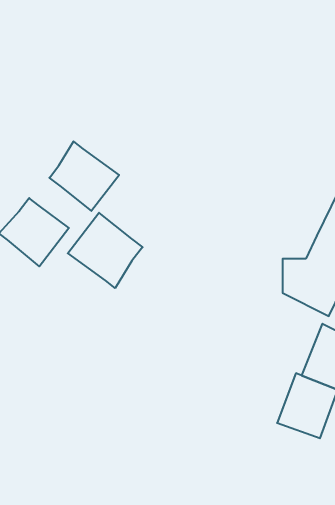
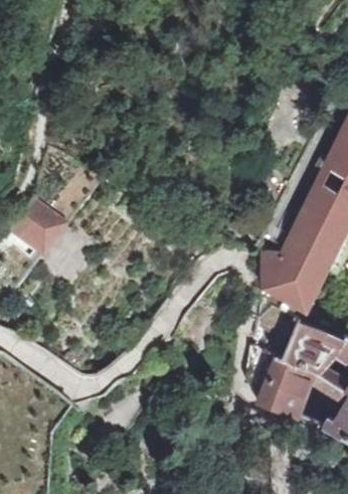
building: [49,141,119,211] -> none
building: [68,213,143,288] -> none

